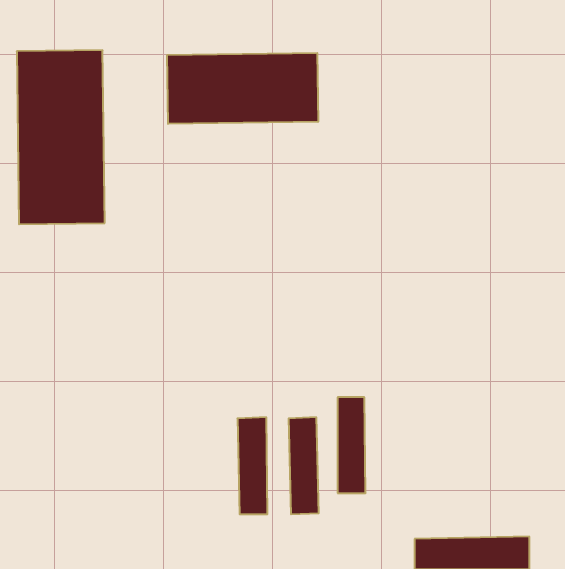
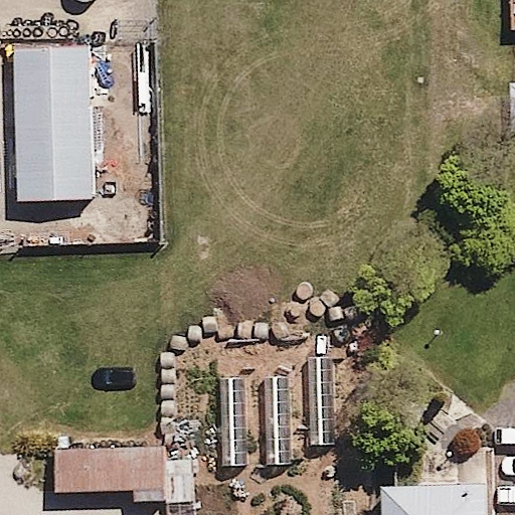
building: [167,53,318,124] -> none
building: none -> [53,444,167,503]

